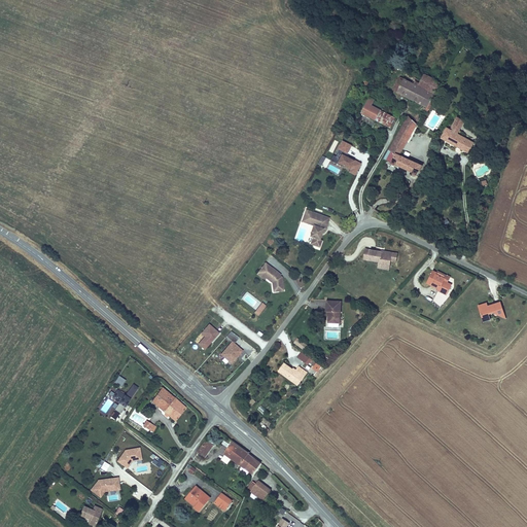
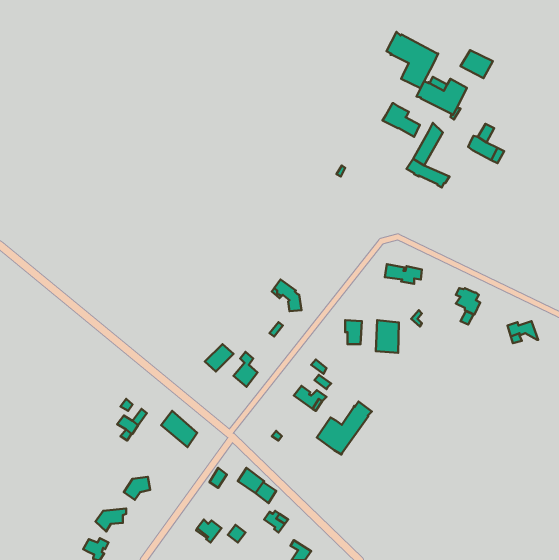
building: none -> [386,32,438,88]
building: none -> [461,50,493,78]
building: [329,140,360,176] -> none
building: [301,209,327,248] -> none
building: none -> [376,320,399,353]
building: none -> [317,402,372,455]

